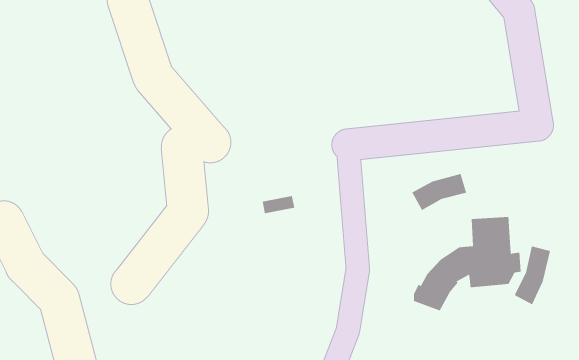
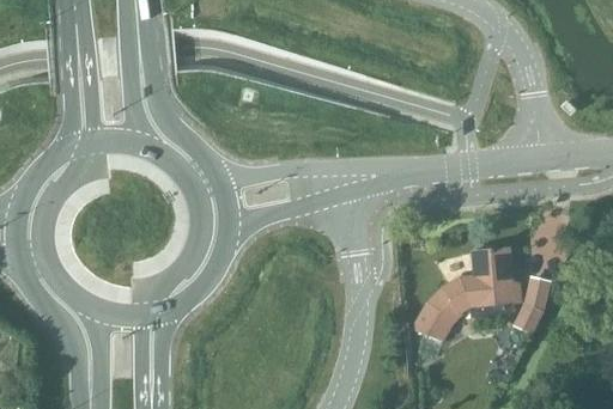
building: [411,173,467,211] -> none

